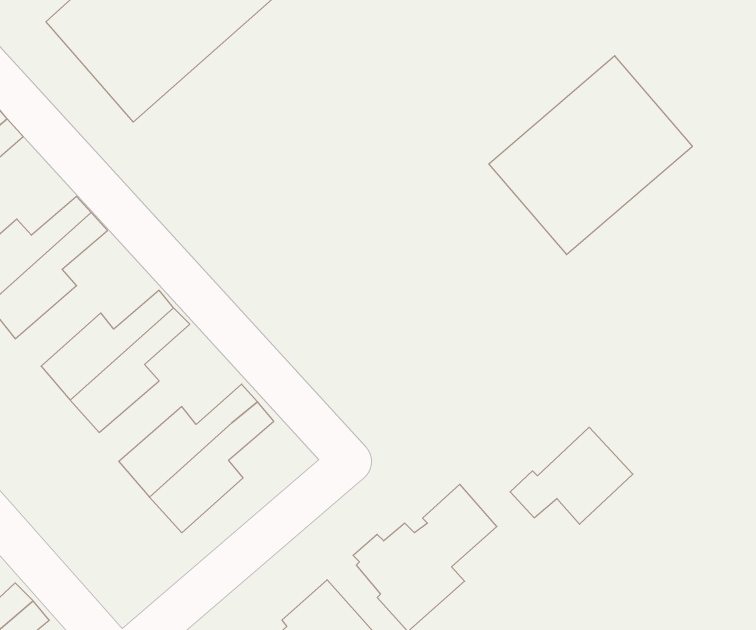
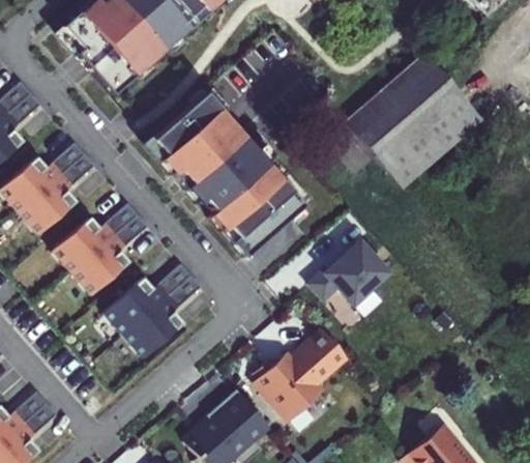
building: none -> [151,88,308,254]
building: [510,427,633,524] -> [307,242,386,305]

